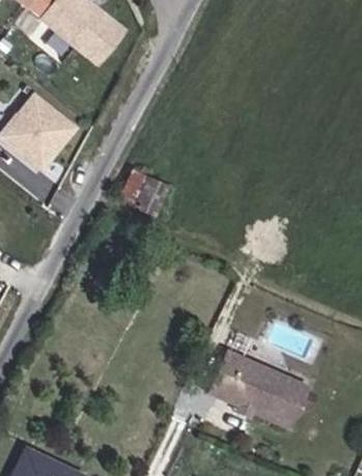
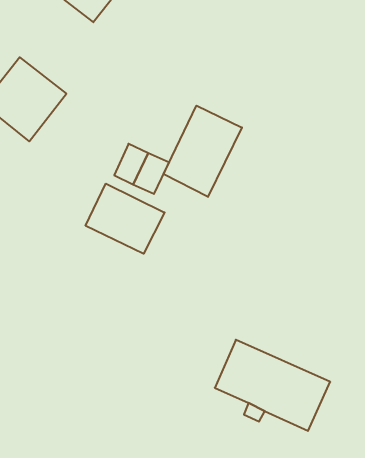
building: none -> [164,106,242,197]
building: none -> [86,184,165,254]

